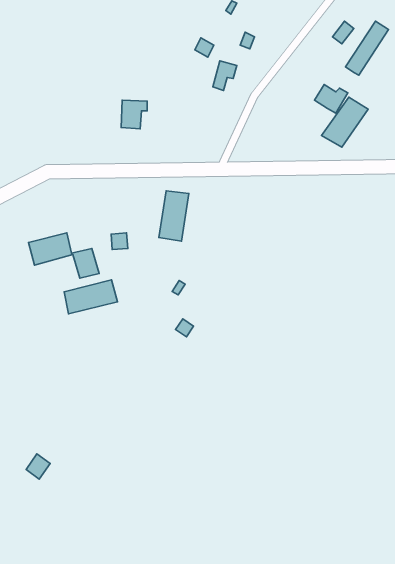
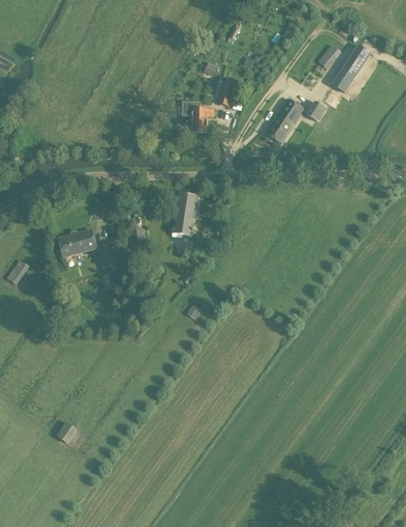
building: [321,97,368,147] -> [264,98,304,141]
building: [121,100,147,129] -> [190,107,213,132]
building: [64,280,117,314] -> none

